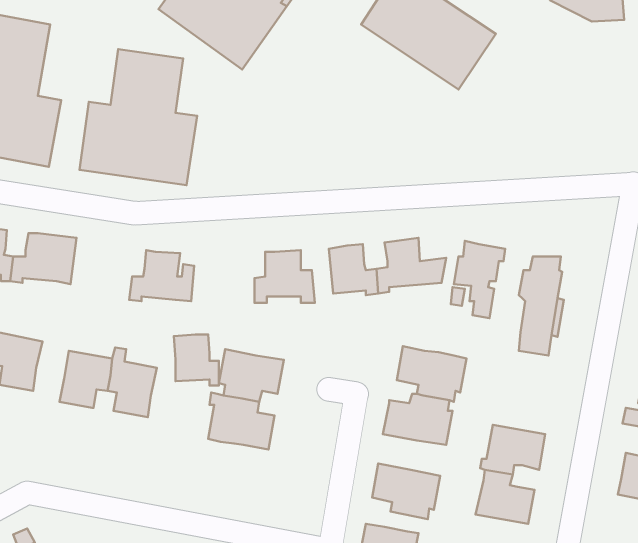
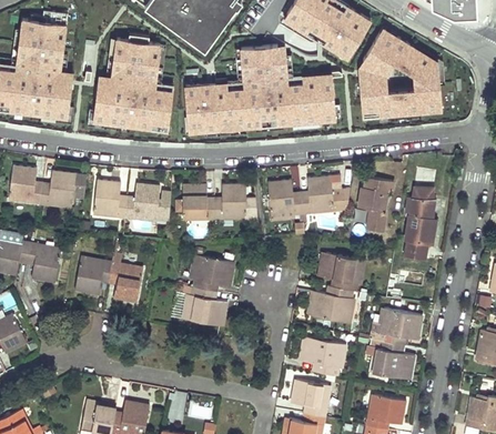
building: none -> [361,28,445,121]
building: none -> [184,47,338,135]
building: none -> [92,180,126,219]
building: [174,335,219,386] -> [182,184,214,221]

